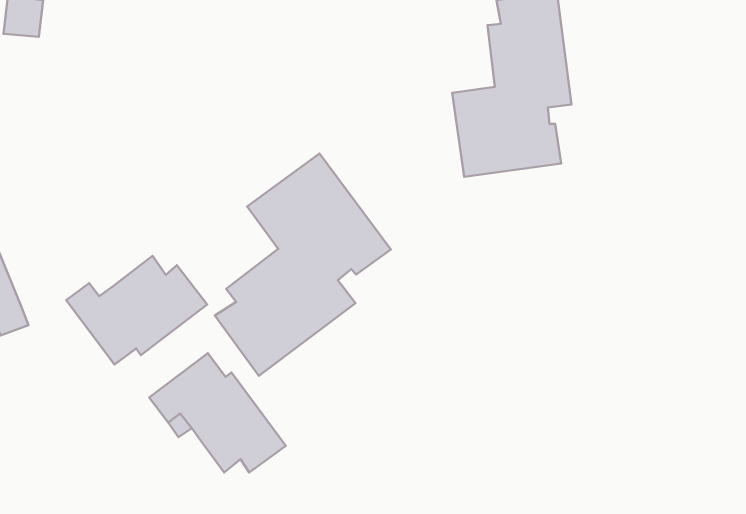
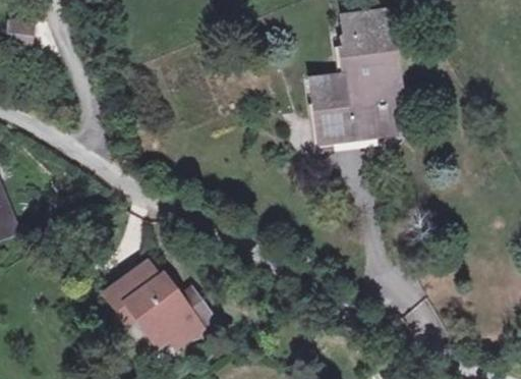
building: [215,153,391,376] -> none
building: [66,256,207,365] -> none

